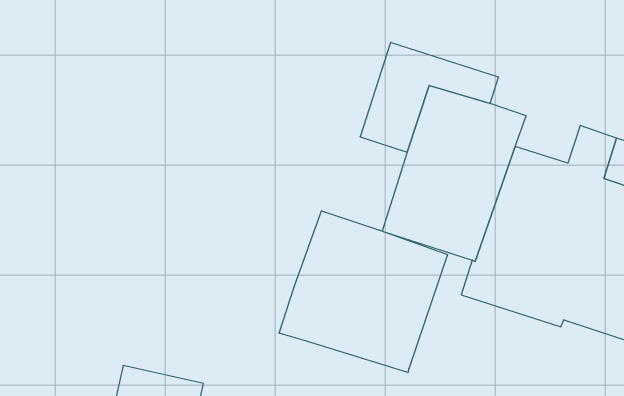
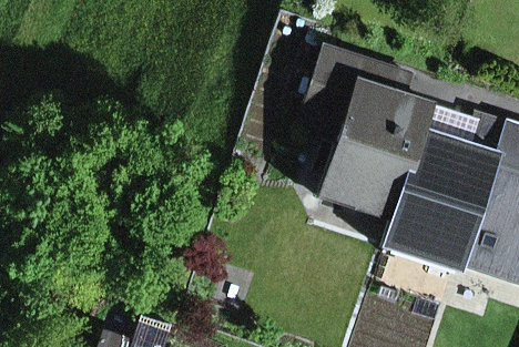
building: [279,211,448,373] -> none

